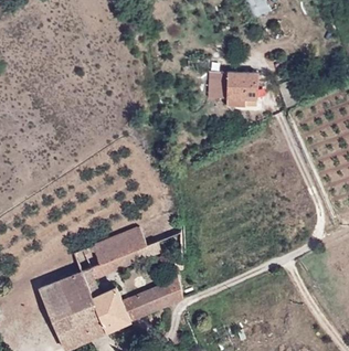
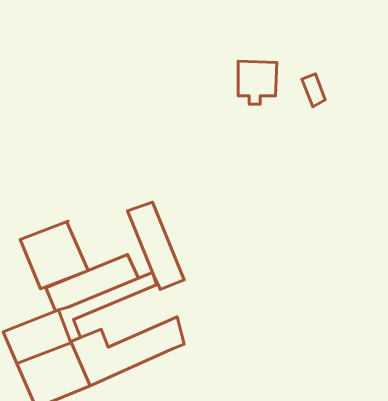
building: [205,72,225,100] -> none
building: none -> [128,202,184,289]
building: none -> [20,221,88,289]

